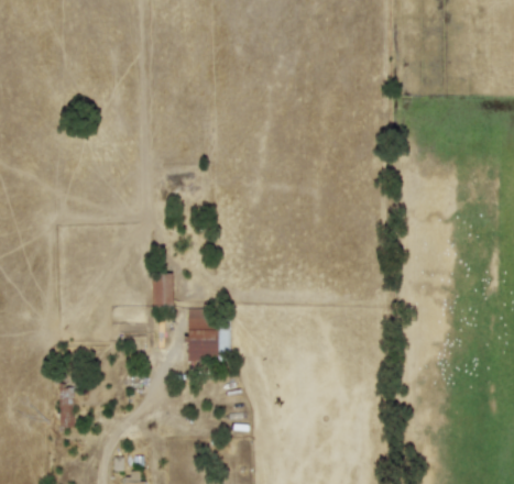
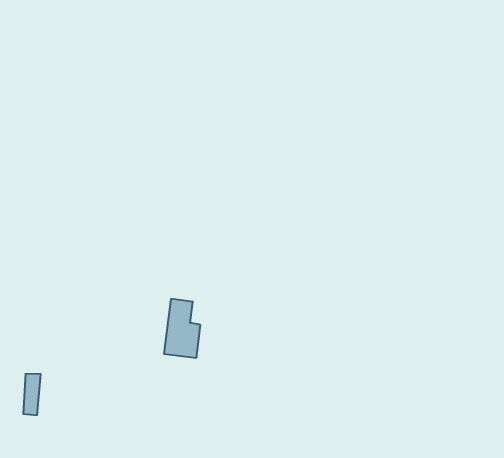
building: [153,273,173,305] -> none

